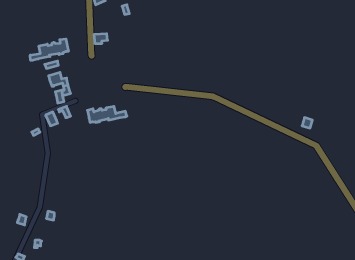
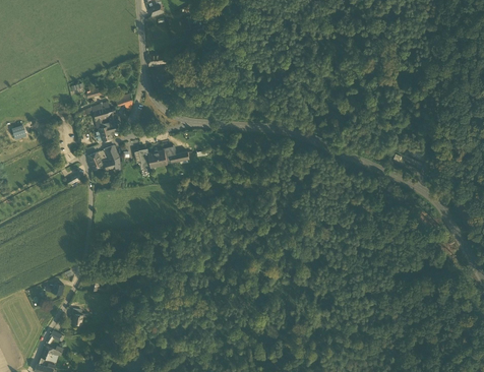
building: [30,39,68,60] -> none

